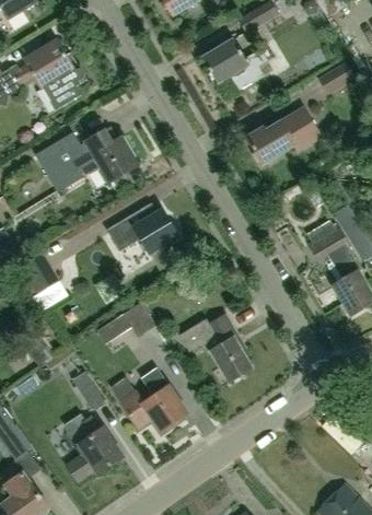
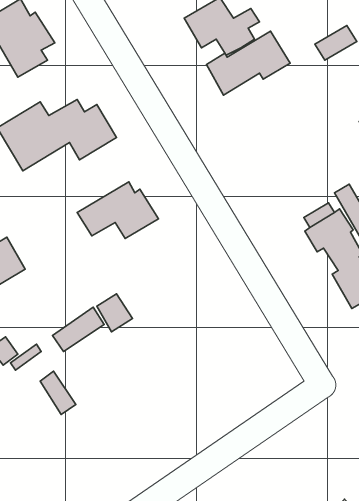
building: [246,107,321,164] -> [206,31,290,95]
building: [178,313,253,382] -> none
building: [120,370,187,431] -> none
building: [66,413,124,481] -> none

